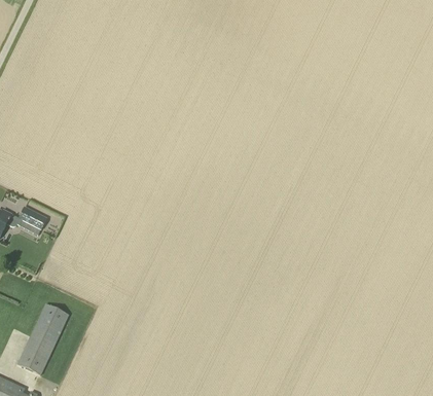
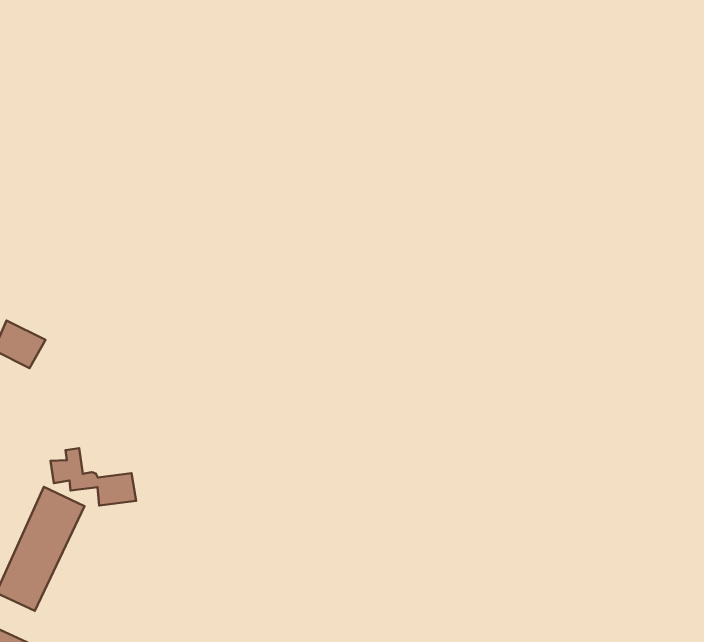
building: none -> [51,448,136,506]

